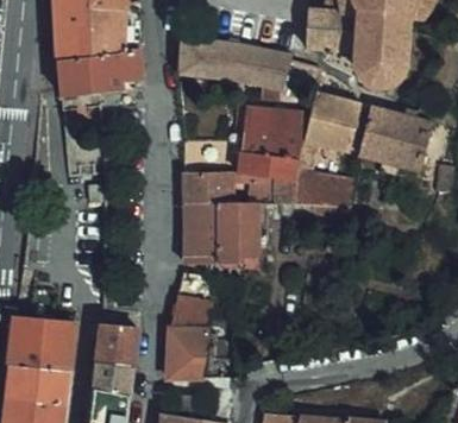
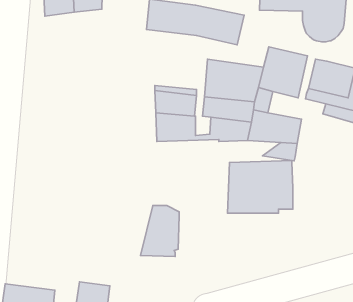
building: [56,46,143,93] -> none
building: [184,200,261,261] -> [228,160,293,213]
building: [10,323,73,375] -> none
building: [96,332,137,371] -> none
building: [165,335,234,384] -> none

